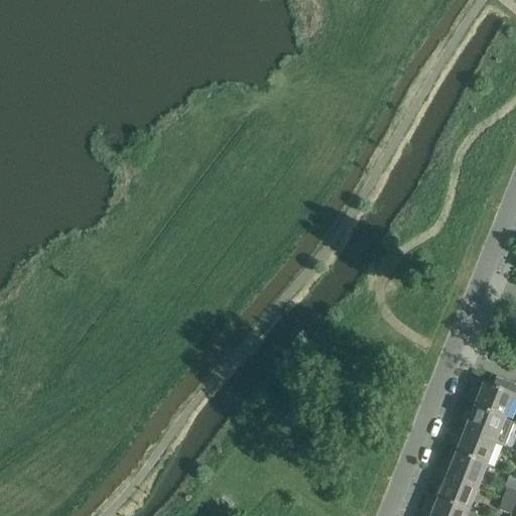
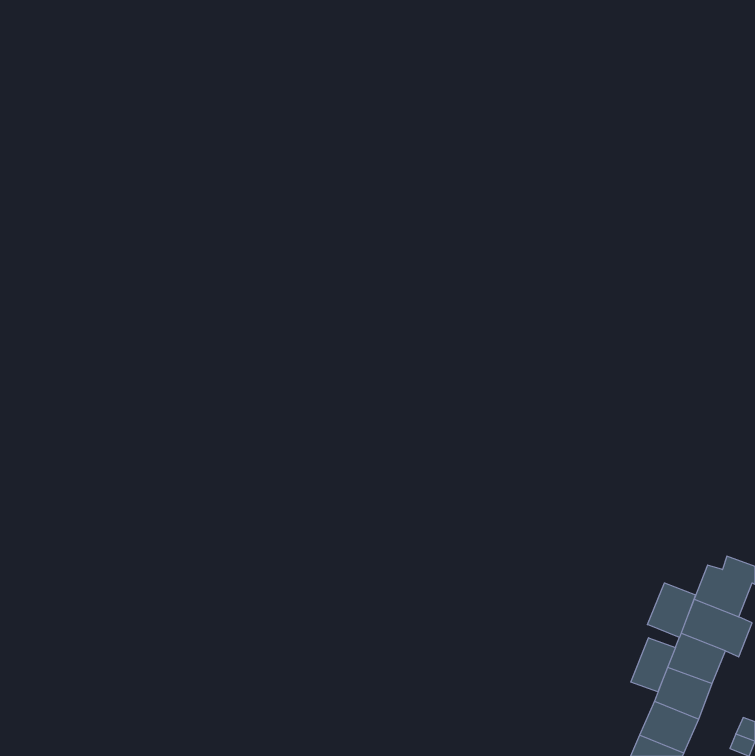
building: none -> [647,583,695,637]
building: none -> [631,638,675,692]

